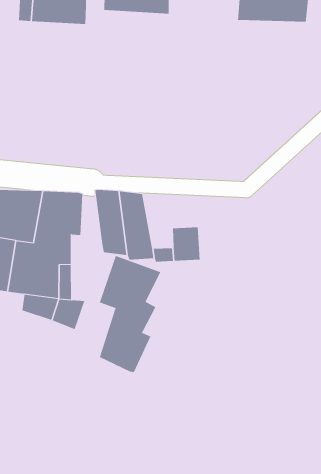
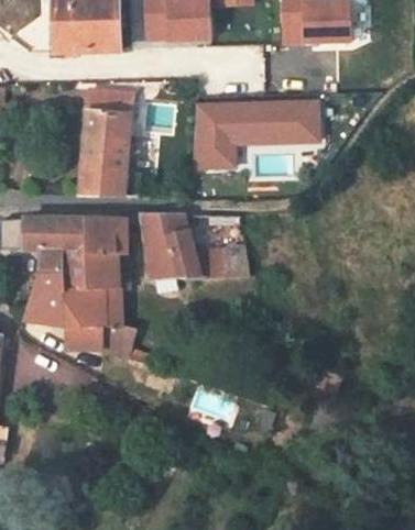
building: none -> [83,90,145,200]
building: none -> [185,97,312,162]
building: [99,255,161,373] -> none

